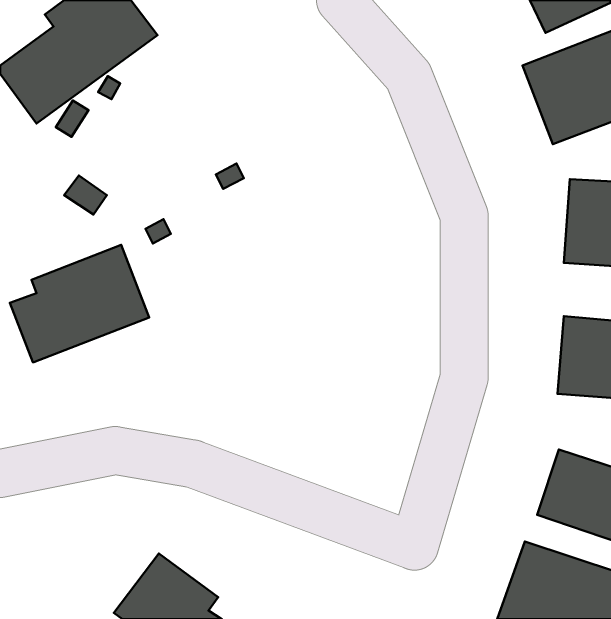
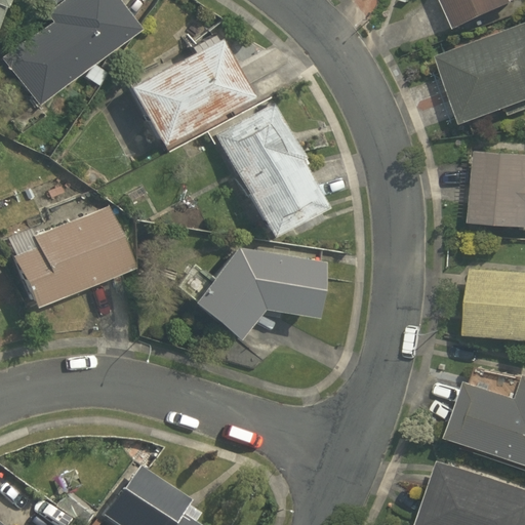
building: none -> [131,40,251,145]
building: none -> [217,103,326,236]
building: none -> [195,248,325,338]

